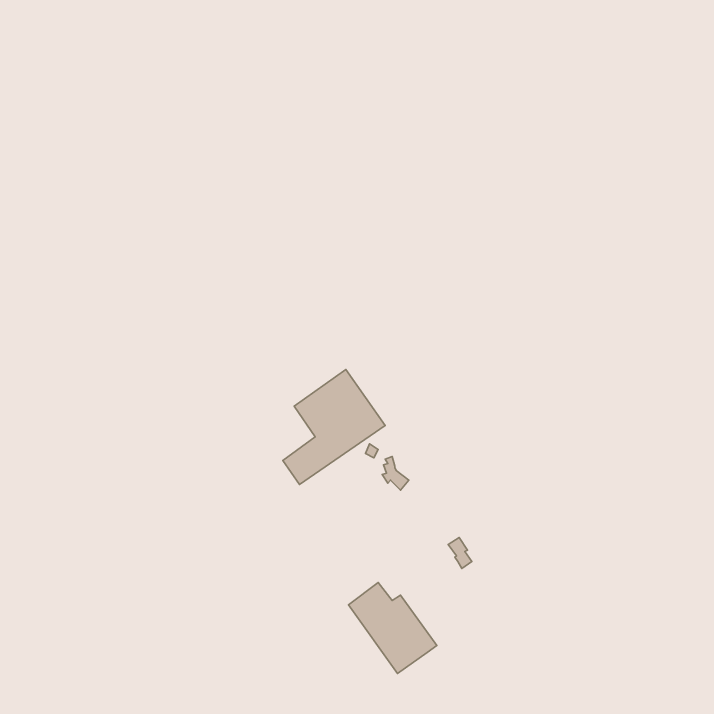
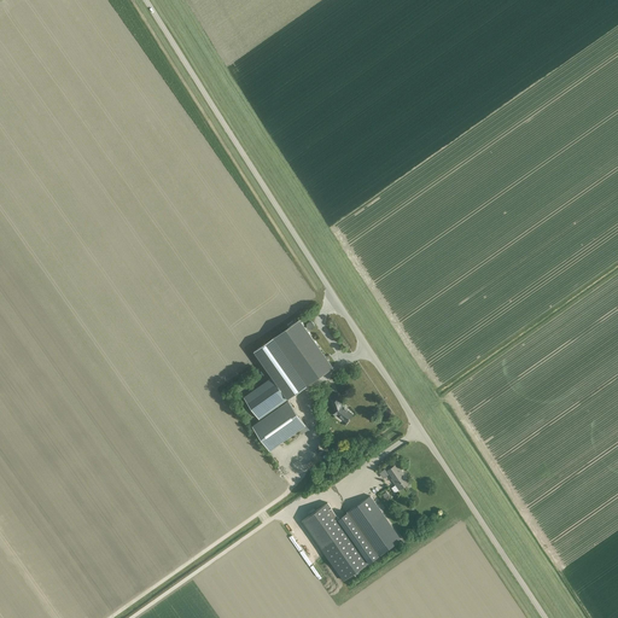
building: none -> [251,402,308,451]
building: none -> [345,497,401,558]

